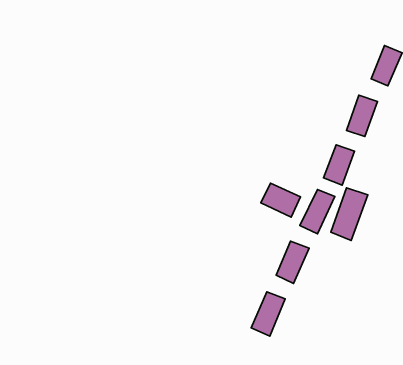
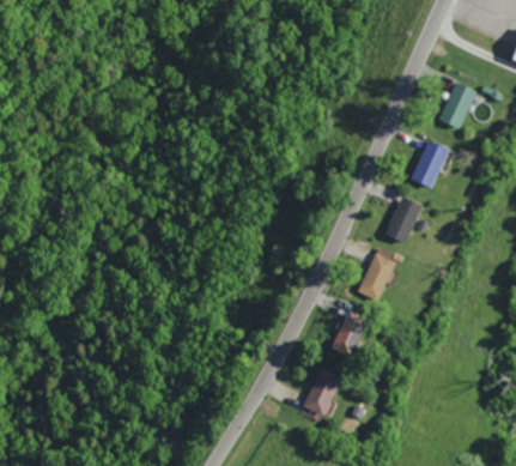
building: [261,183,300,217] -> none
building: [331,188,368,240] -> none

